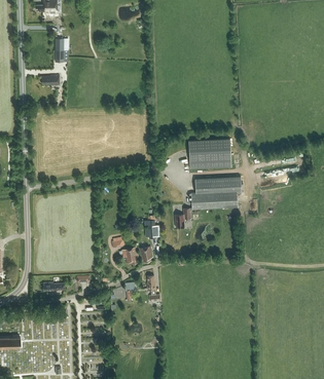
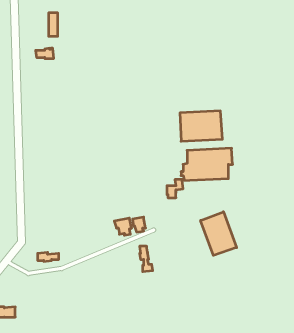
building: none -> [201,212,237,255]

